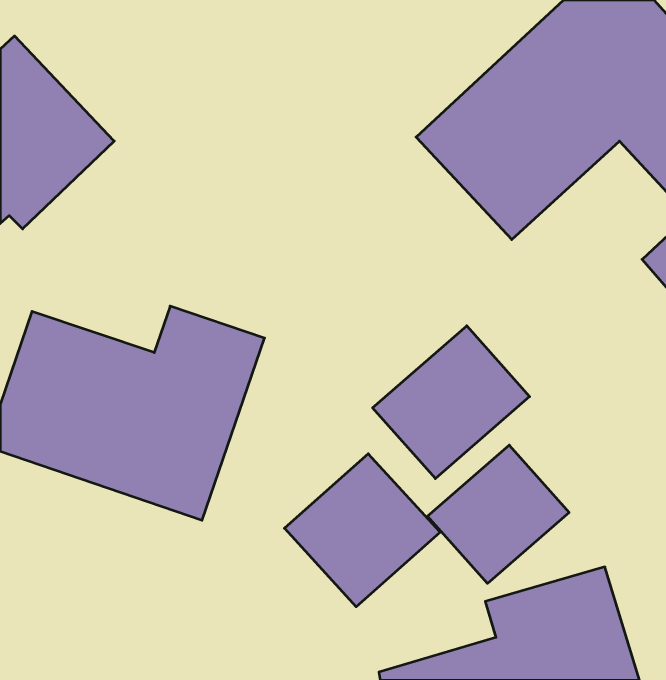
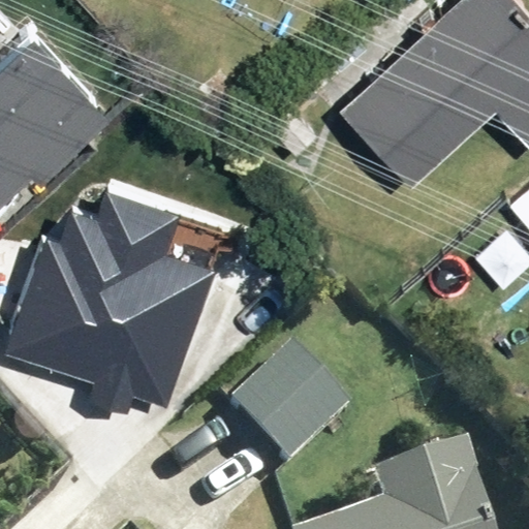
building: [373,326,530,479] -> none
building: [428,445,569,583] -> none

